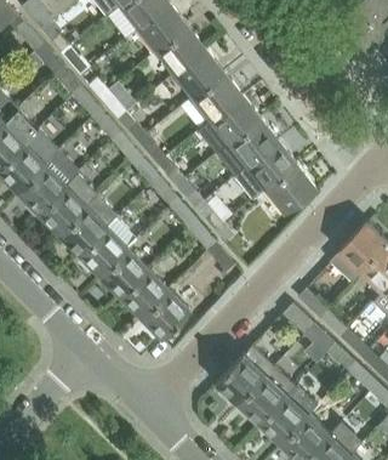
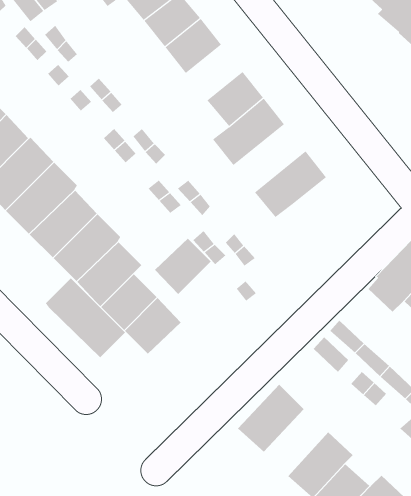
building: [173,50,223,98] -> none
building: [215,119,278,178] -> none
building: [266,165,315,212] -> none
building: none -> [45,278,126,358]
building: [141,291,190,341] -> [154,238,212,295]
building: [241,367,297,425] -> none

